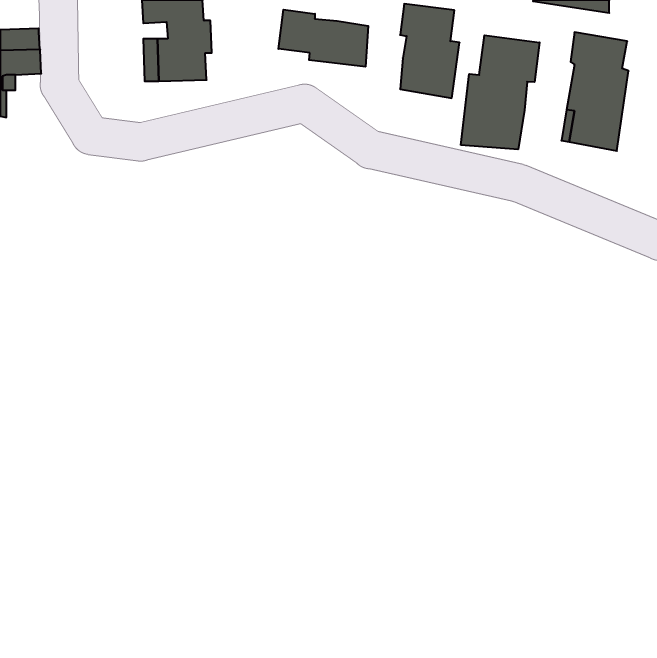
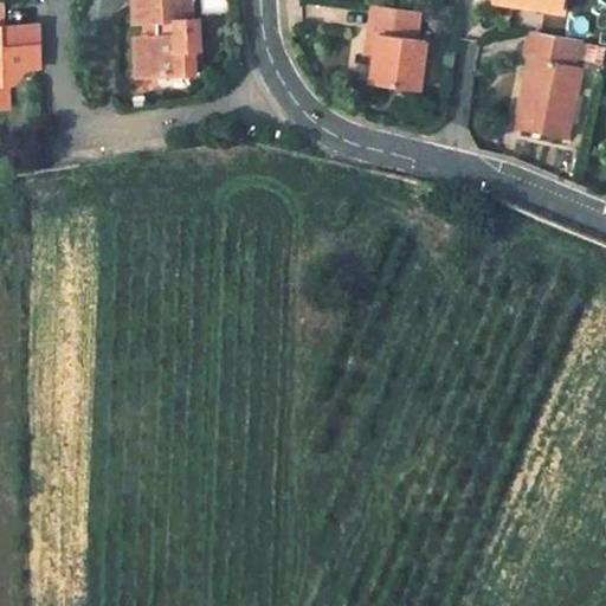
building: [278,10,368,67] -> none
building: [461,35,540,149] -> none

